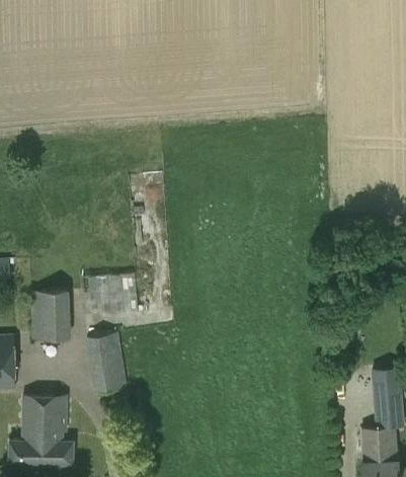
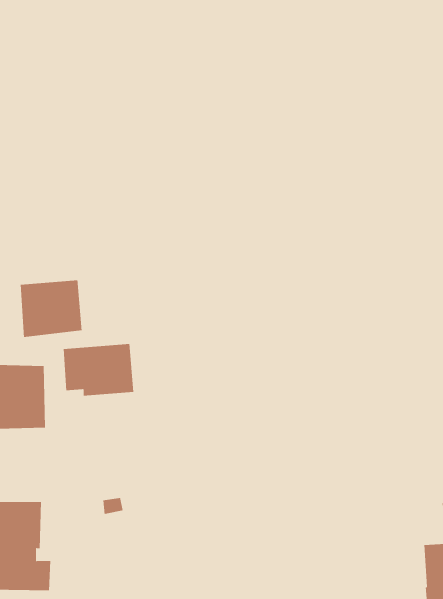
building: none -> [20,280,82,338]
building: [86,333,128,395] -> none

